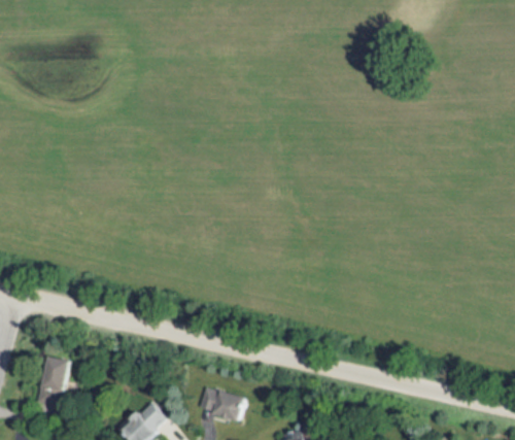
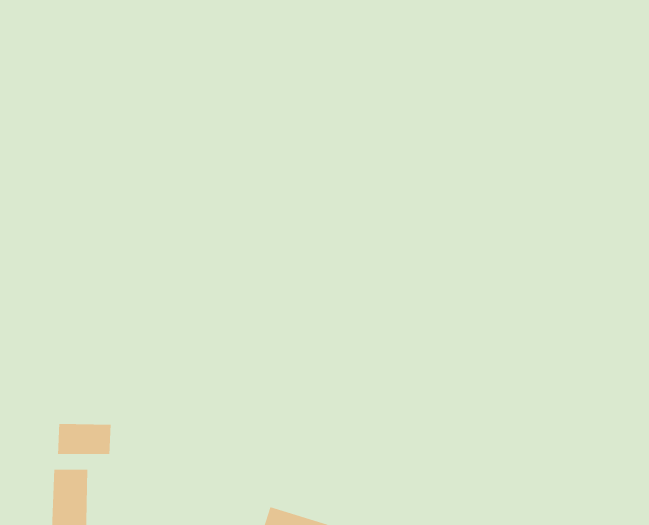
building: none -> [58,423,111,455]

